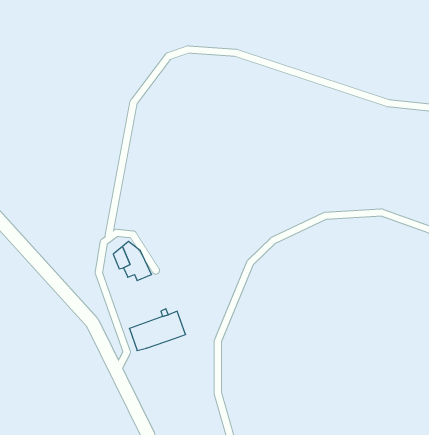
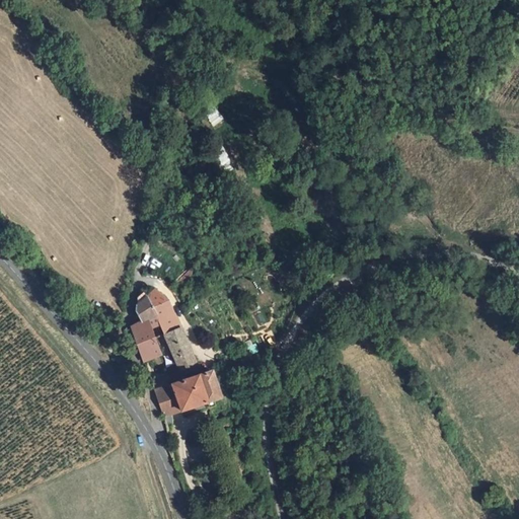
building: none -> [131,318,161,361]
building: none -> [163,326,197,371]

